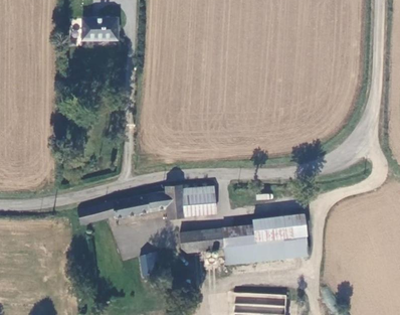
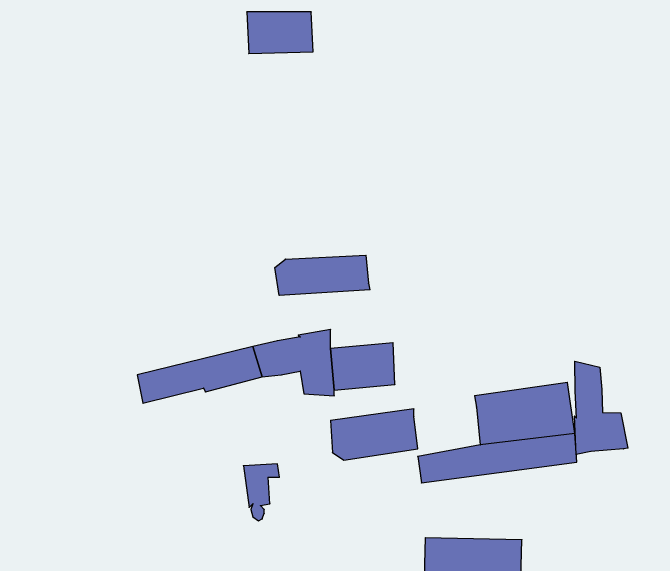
building: [83,16,119,38] -> [247,12,313,54]
building: none -> [275,255,370,295]
building: none -> [575,361,628,455]
building: [229,224,264,251] -> none

